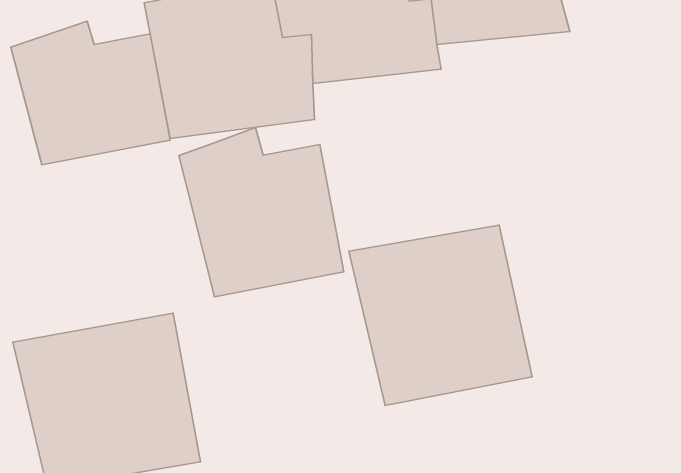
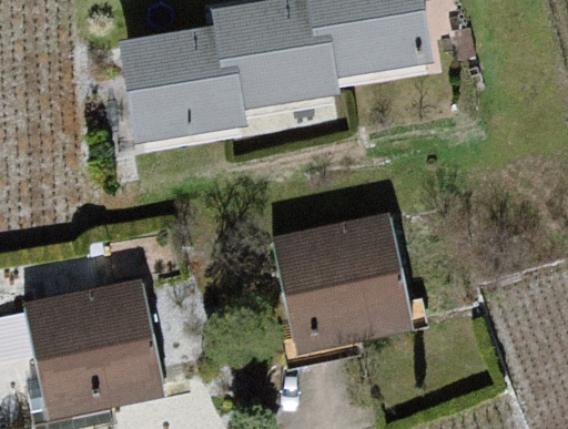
building: [11,21,170,165] -> none
building: [179,127,344,297] -> none

